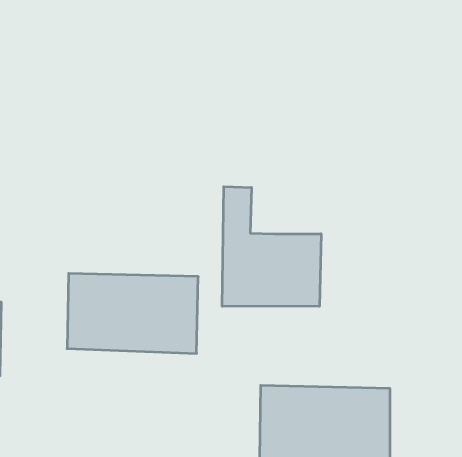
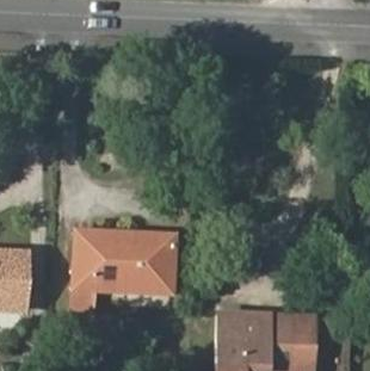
building: [222,187,321,306] -> none

